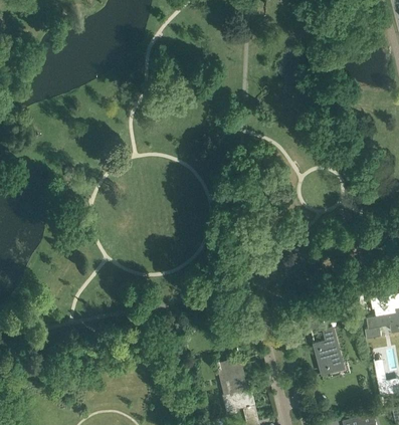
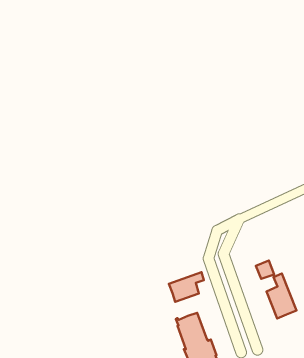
building: none -> [169,272,204,302]

